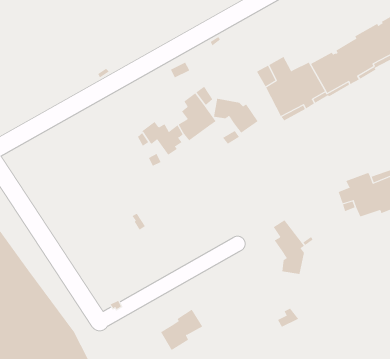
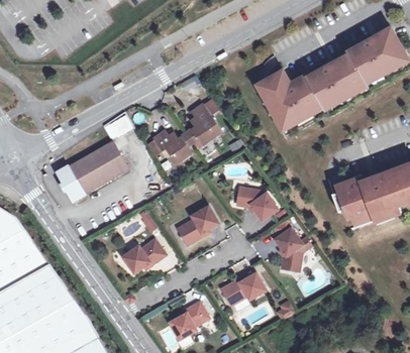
building: [213,98,259,133] -> [235,188,277,220]
building: none -> [56,141,127,202]
building: none -> [177,207,217,245]
building: none -> [123,240,166,273]
building: none -> [221,272,266,306]

